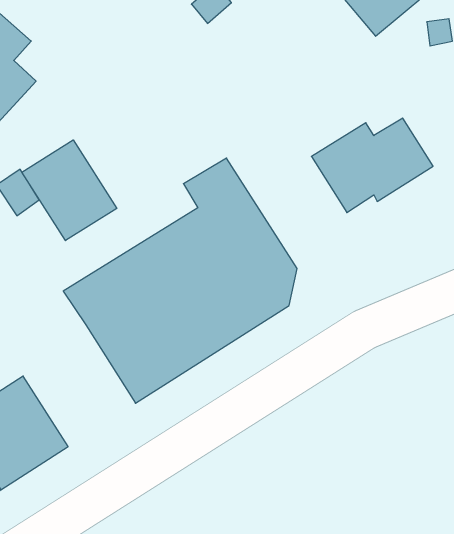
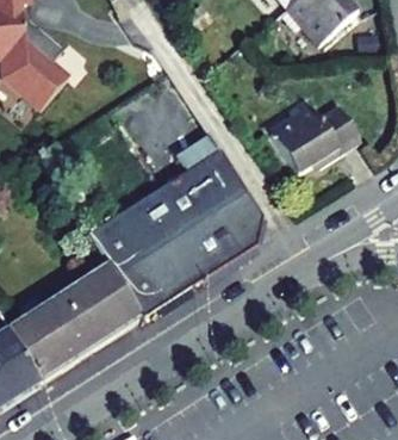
building: [22,140,117,241] -> none
building: none -> [56,259,139,349]

